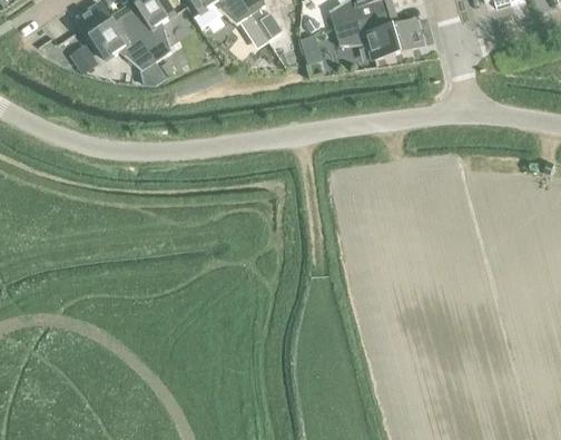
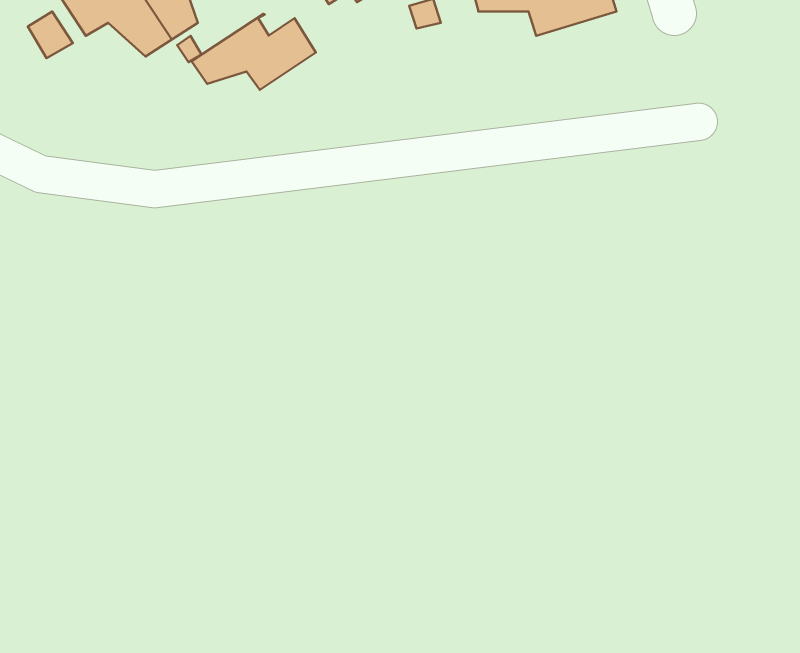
building: none -> [192,14,316,90]

